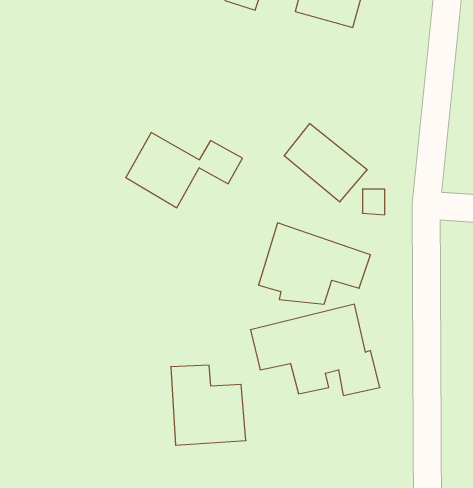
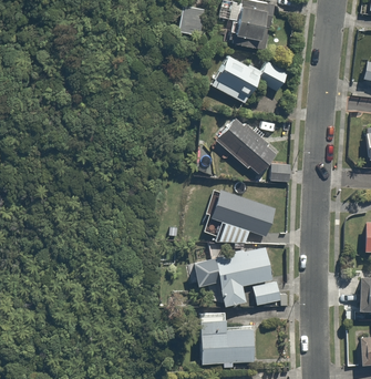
building: [126,133,242,208] -> [209,54,290,106]
building: [171,365,246,445] -> [200,311,253,367]

